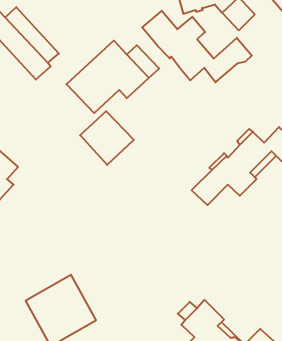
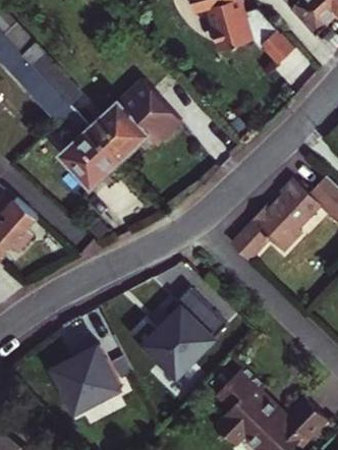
building: [142,11,252,82] -> none
building: [80,111,134,165] -> [62,128,121,187]
building: none -> [126,287,227,380]

